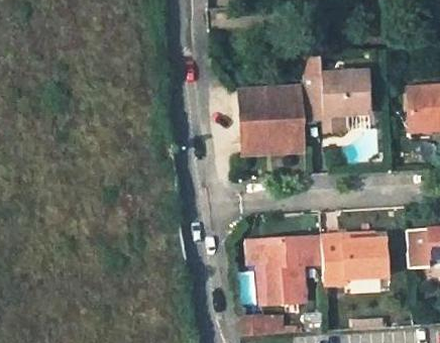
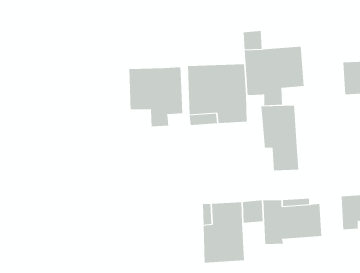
building: none -> [129,66,183,127]
building: none -> [261,105,299,171]

